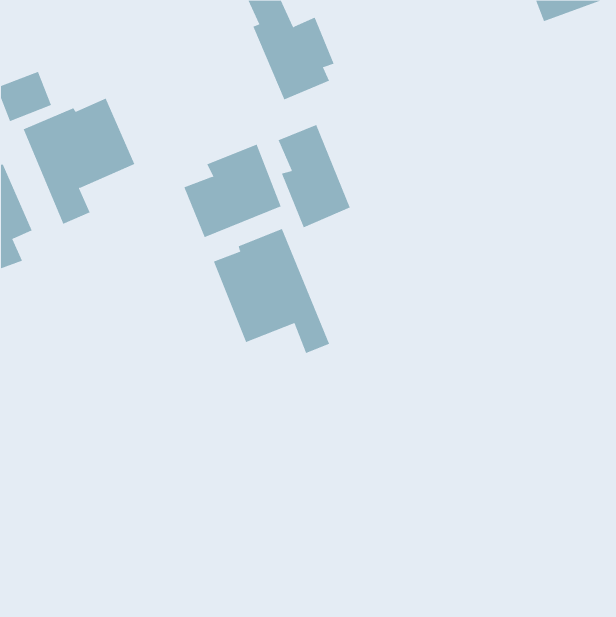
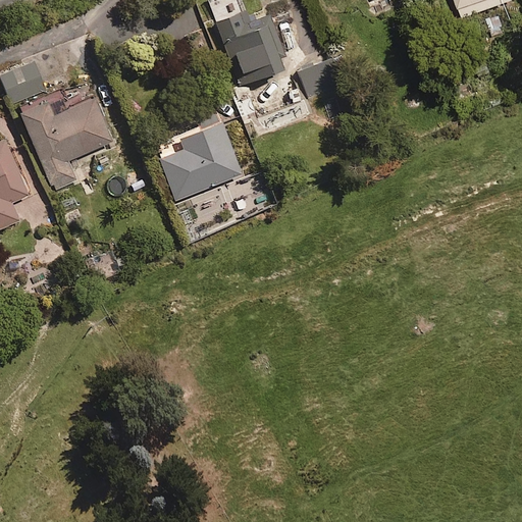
building: [278,124,350,228] -> none
building: [213,228,330,354] -> none

